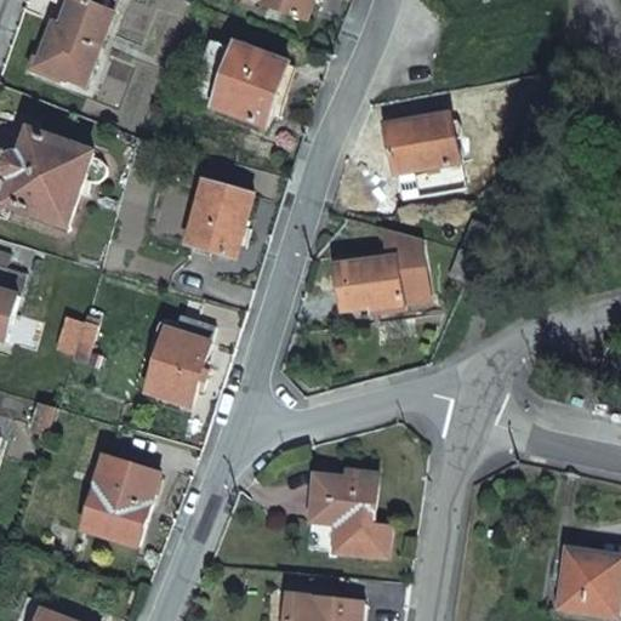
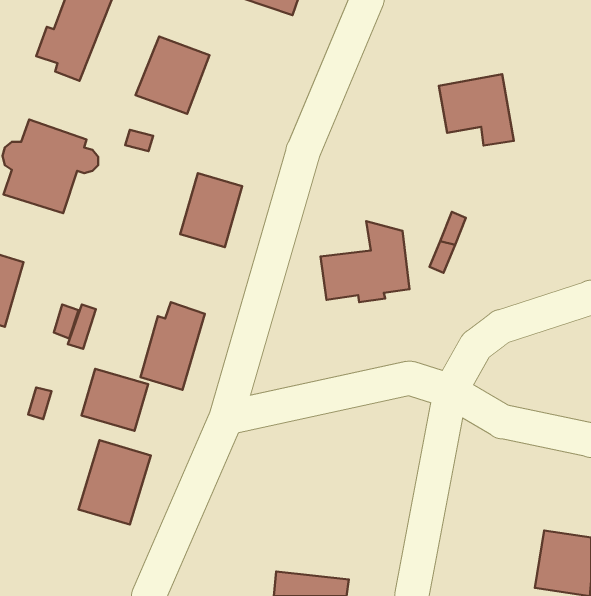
building: [210,45,286,125] -> [136,37,209,114]
building: [382,112,460,186] -> [439,74,514,146]
building: none -> [81,369,148,431]
building: [312,468,387,554] -> none

